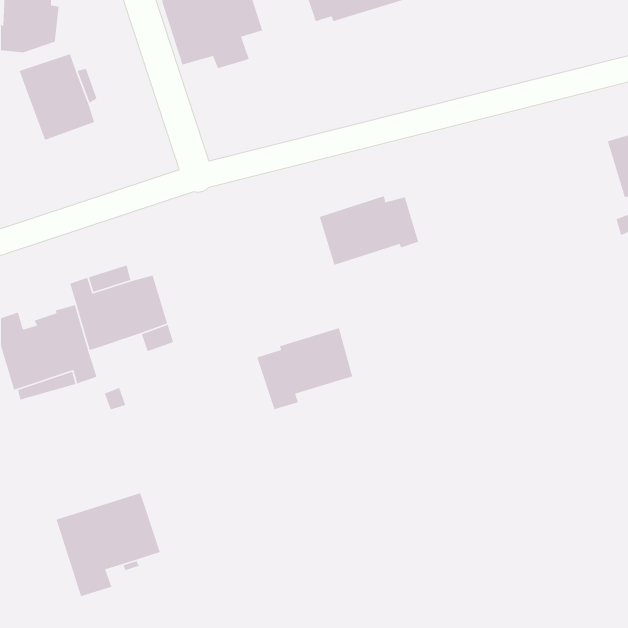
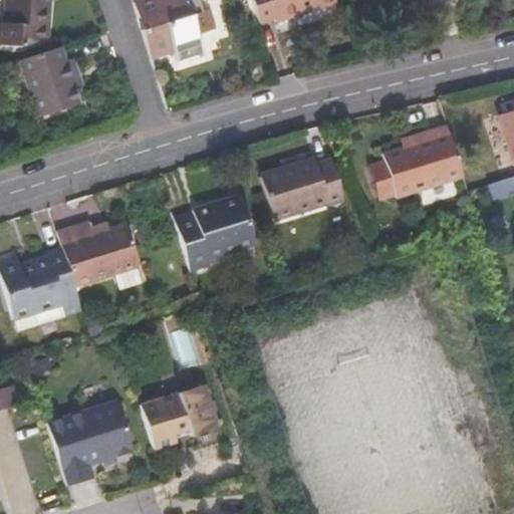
building: none -> [384,124,464,194]
building: [257,327,353,410] -> [179,203,257,270]
building: none -> [141,383,218,447]

